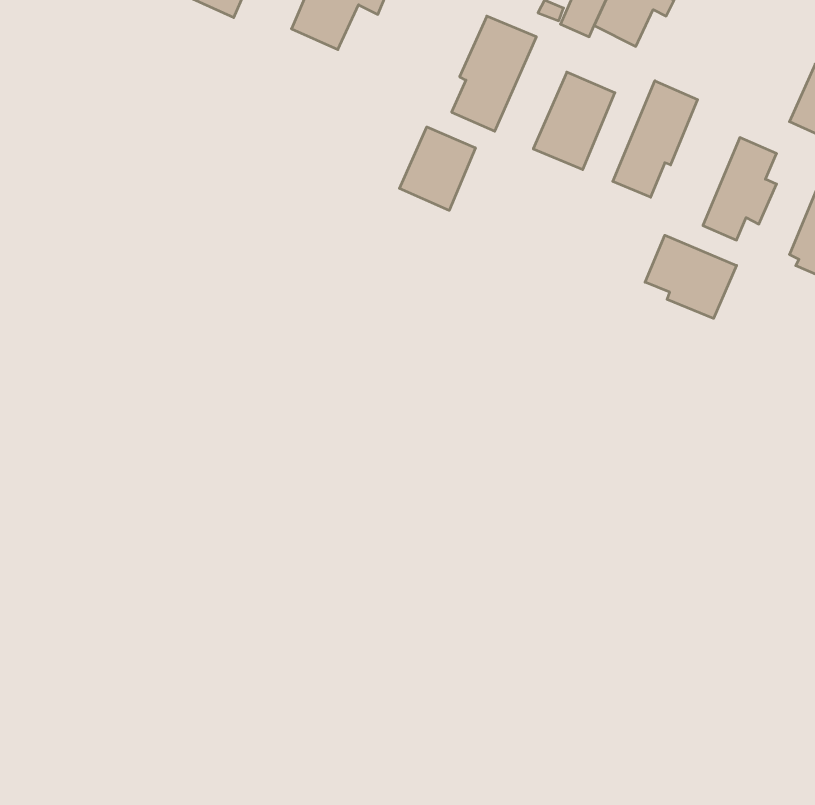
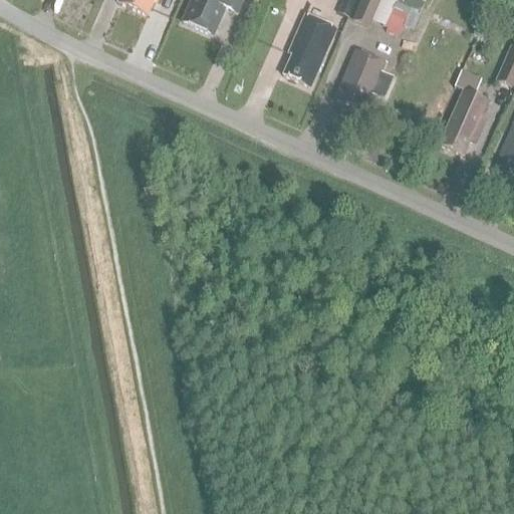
building: [613,81,698,197] -> none
building: [399,127,475,210] -> none
building: [645,235,737,318] -> none

